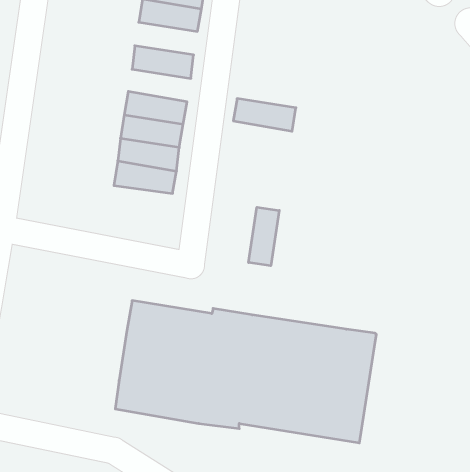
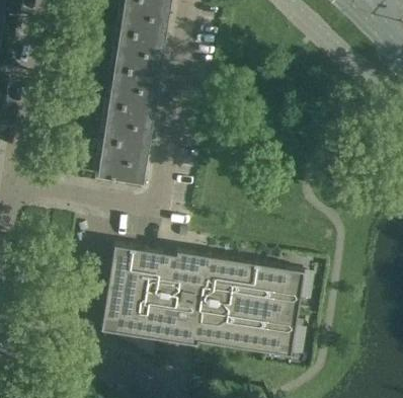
building: none -> [116,31,165,57]
building: [233,99,296,131] -> [111,68,160,93]
building: none -> [97,158,146,183]
building: [249,207,279,266] -> none

